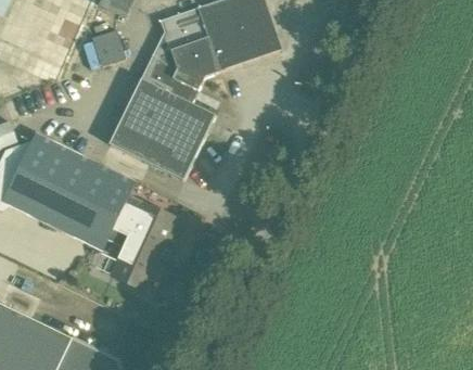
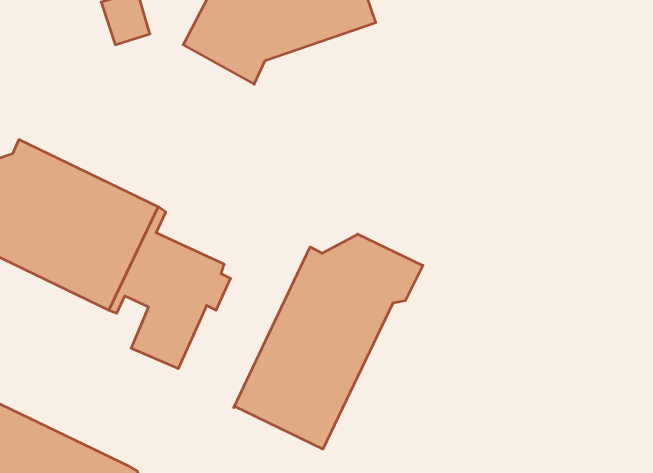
building: [110,66,214,180] -> none
building: none -> [234,234,423,449]

